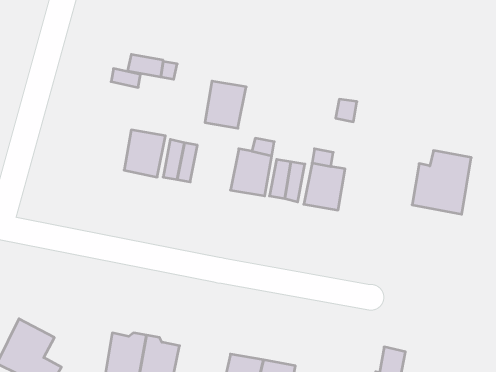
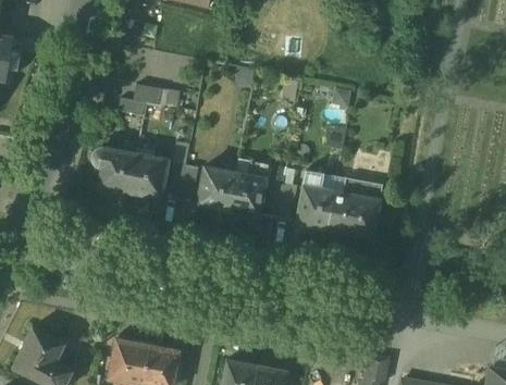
building: [205,81,246,128] -> [197,165,235,209]
building: none -> [91,147,136,190]
building: [412,151,471,214] -> [326,177,381,236]

